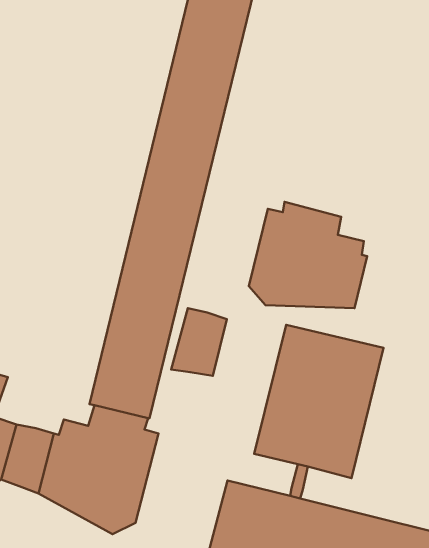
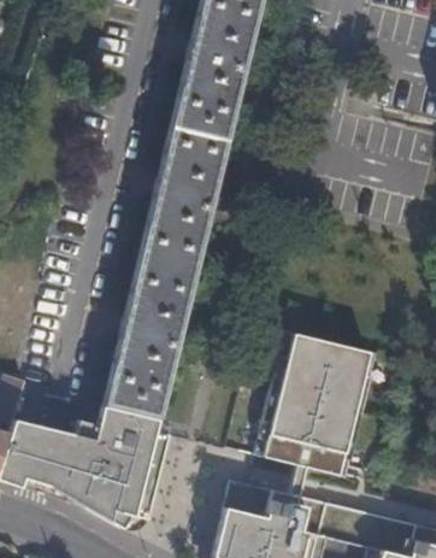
building: [249,202,367,308] -> none
building: [171,308,227,376] -> none

